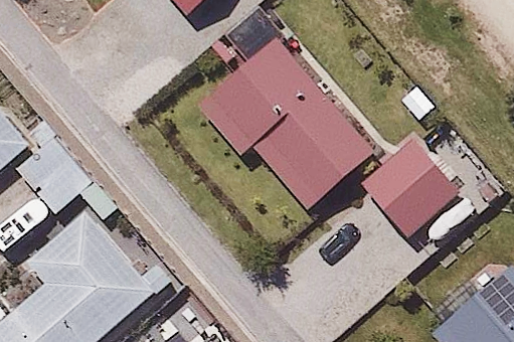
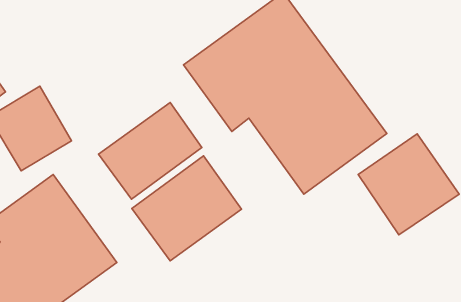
building: none -> [99,102,202,199]
building: none -> [132,156,242,261]

